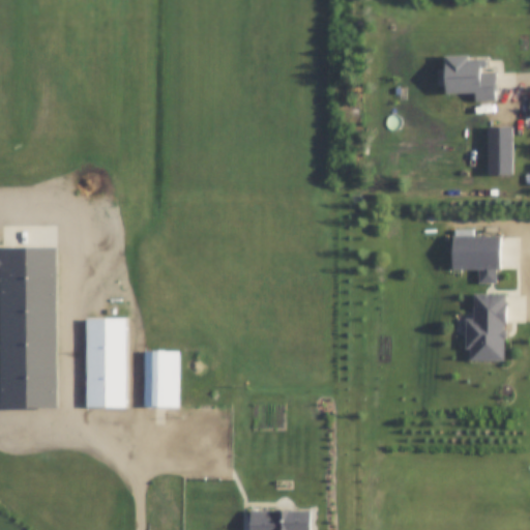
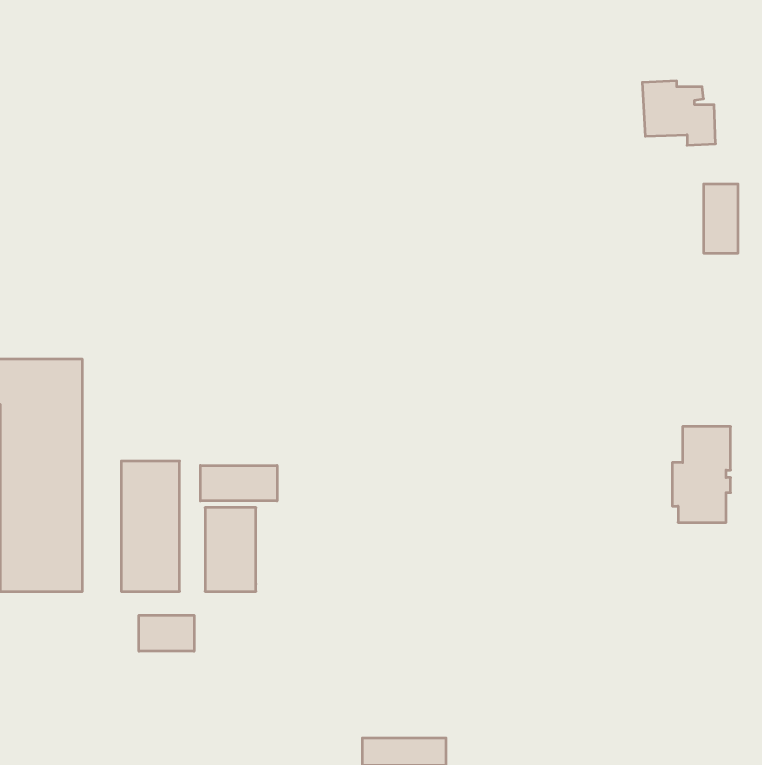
building: [451,236,500,285] -> none
building: none -> [200,465,277,501]
building: none -> [139,615,194,651]

